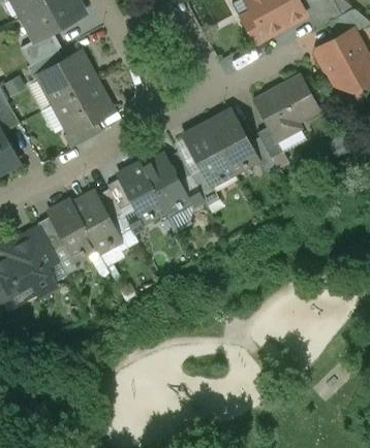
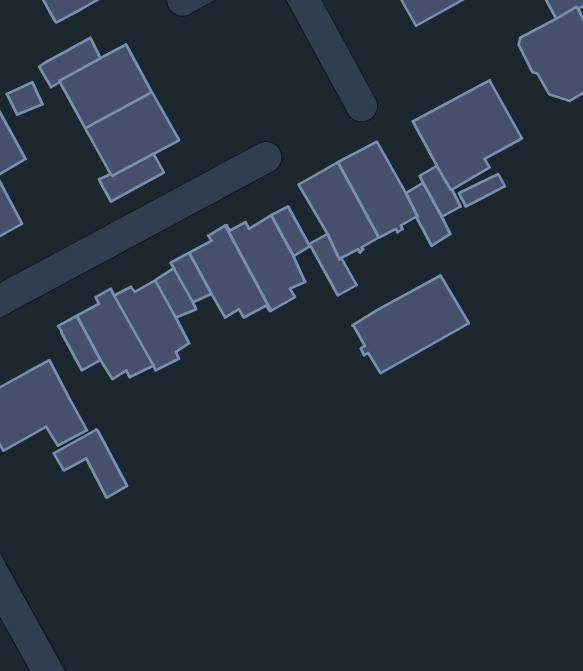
building: [21,32,61,65] -> none
building: none -> [352,275,469,373]
building: [13,227,58,268] -> [54,429,127,498]

